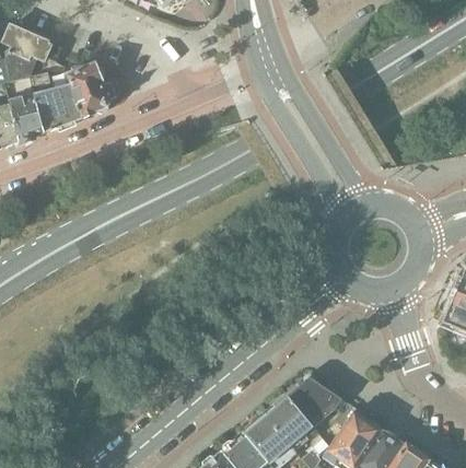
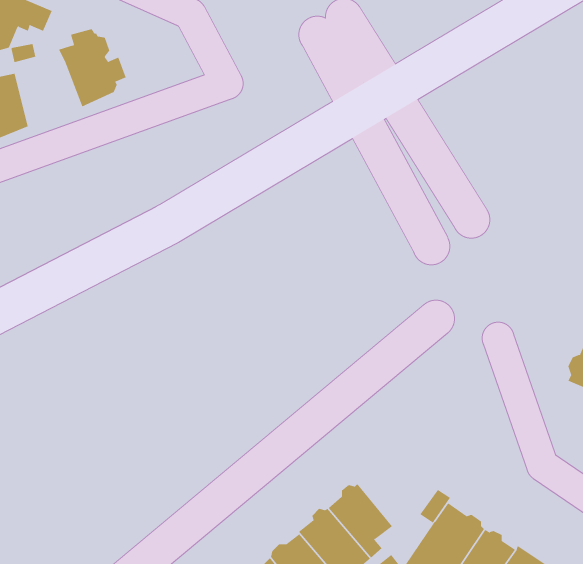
building: [34,84,83,132] -> none
building: [287,374,341,428] -> none

